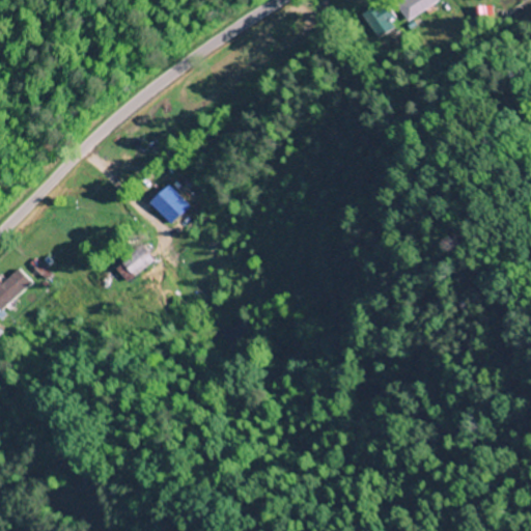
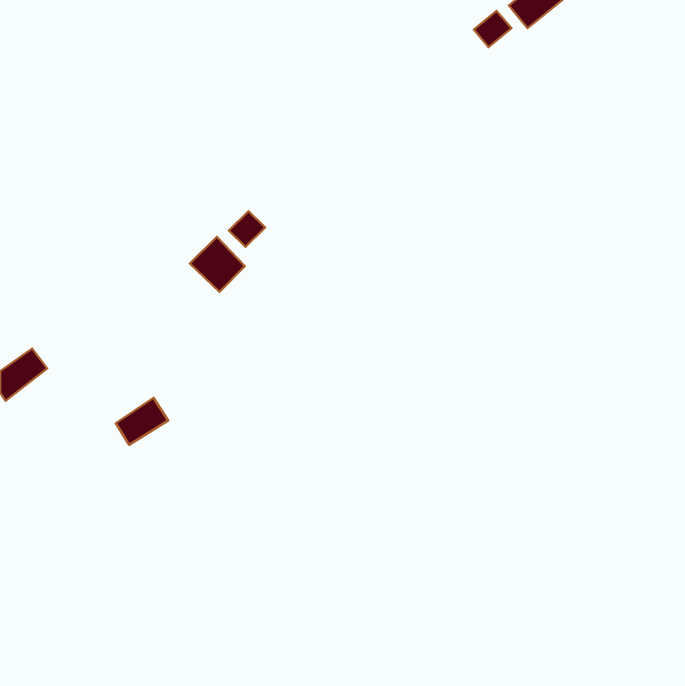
building: none -> [229,211,265,247]
building: [110,245,150,281] -> [116,398,168,445]

